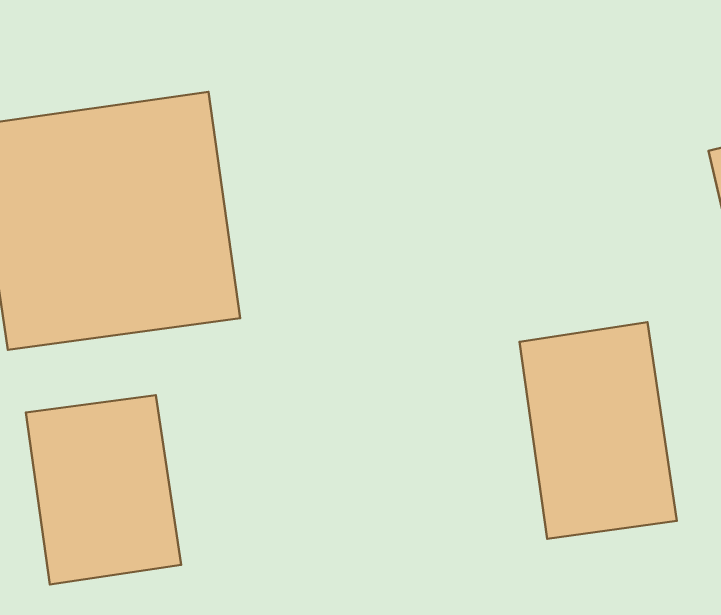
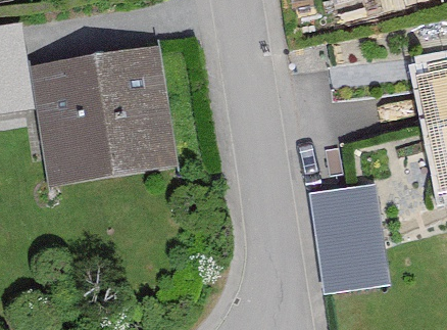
building: [26,395,181,584] -> none

